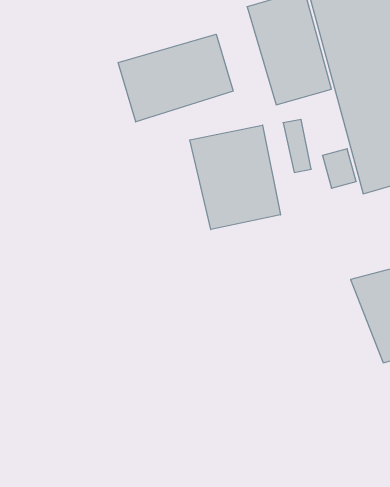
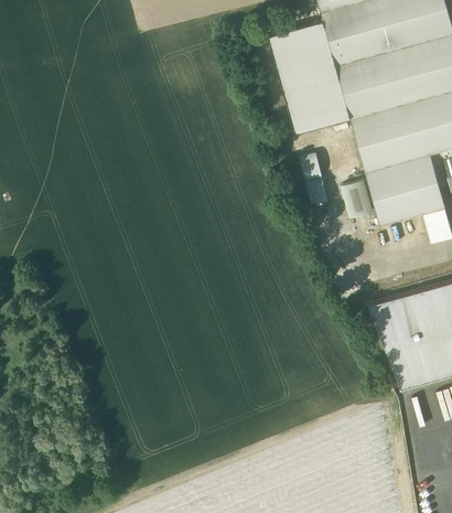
building: [118,34,233,122] -> none
building: [190,125,280,230] -> none

